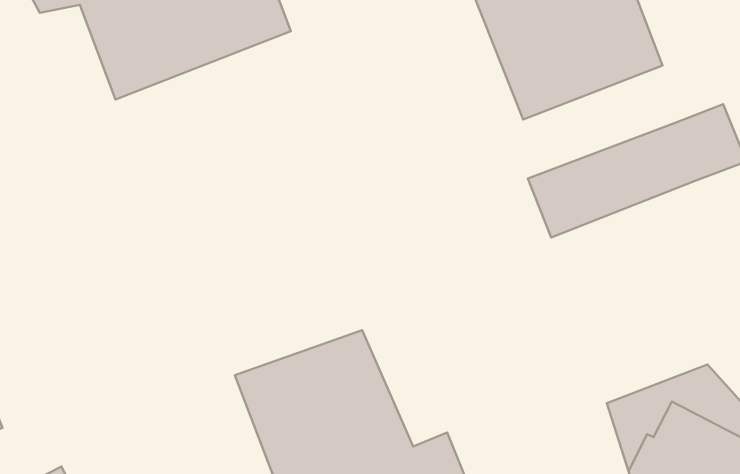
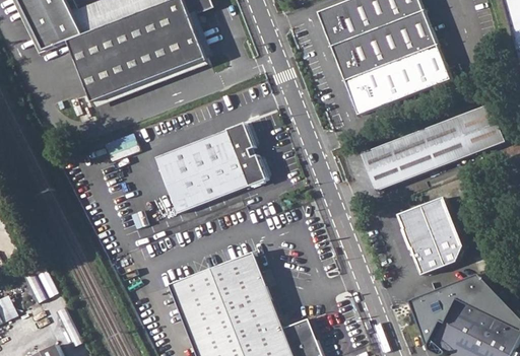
building: none -> [154,122,265,212]
building: none -> [398,197,463,274]

